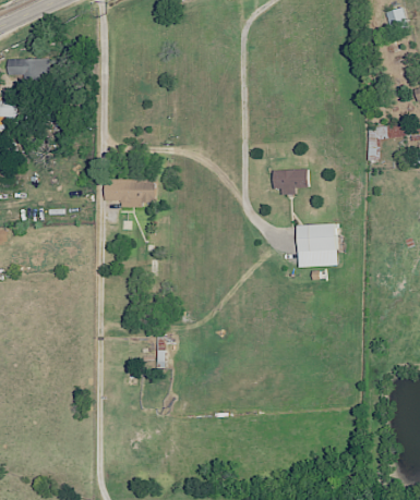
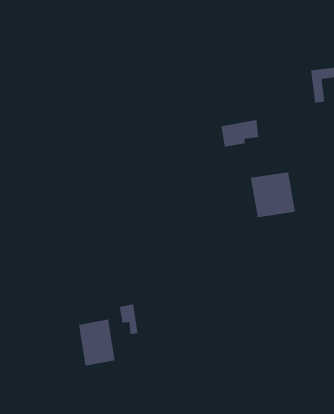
building: [104,179,154,207] -> none
building: none -> [78,319,116,367]

